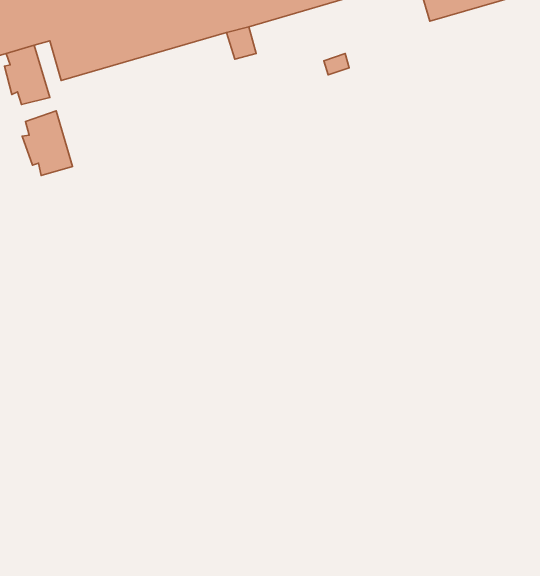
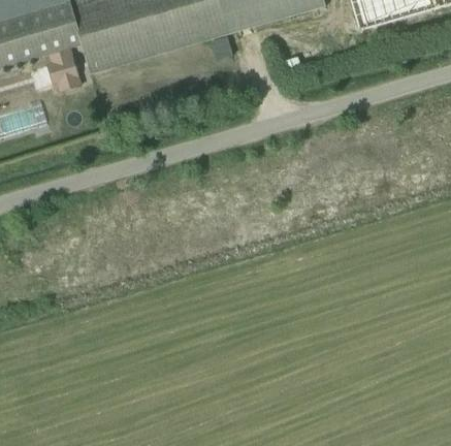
building: [22,111,73,176] -> none

